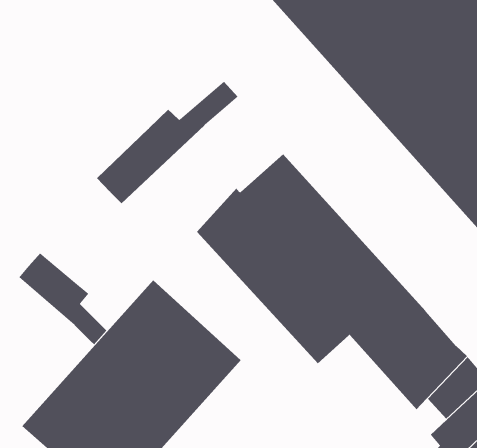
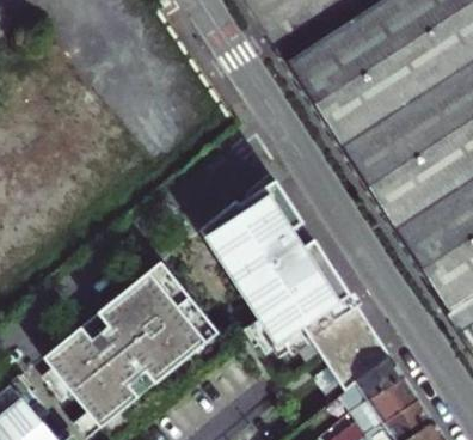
building: [96,81,238,204] -> none
building: [19,252,107,345] -> none

